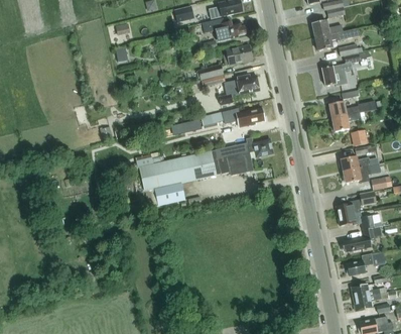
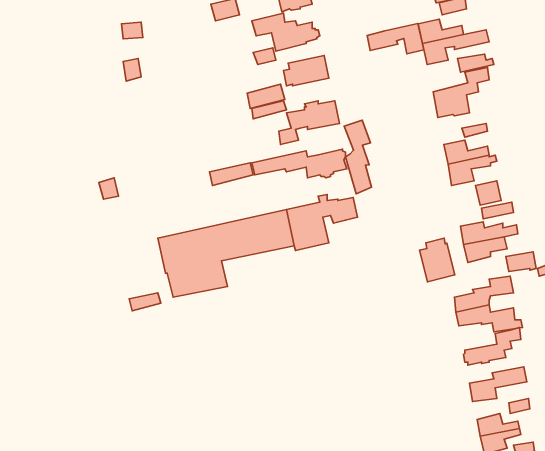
building: none -> [367,24,424,54]
building: none -> [344,120,372,194]
building: none -> [420,238,455,282]

